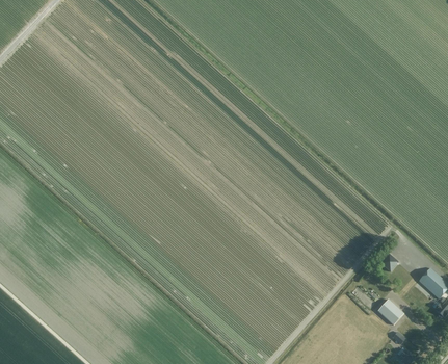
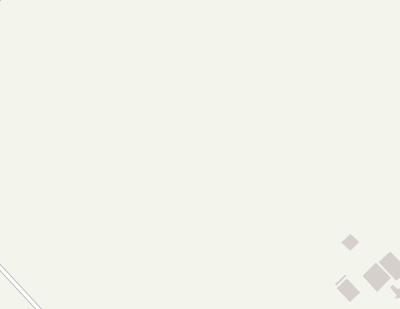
building: none -> [362,262,391,293]

